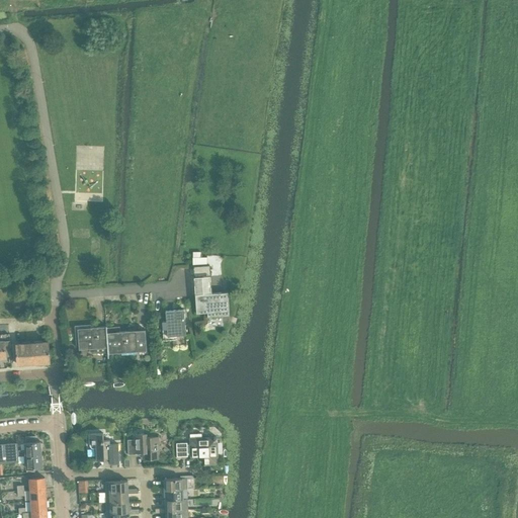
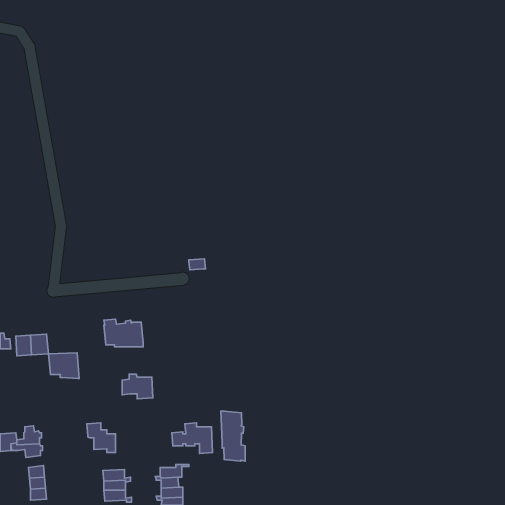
building: [195,292,229,314] -> none
building: [162,310,185,337] -> none
building: [77,327,108,353] -> [48,353,79,379]
building: none -> [221,411,245,461]
building: [127,434,159,459] -> [122,374,153,399]

